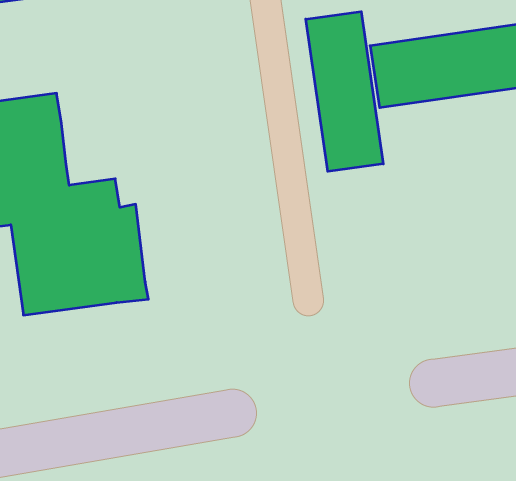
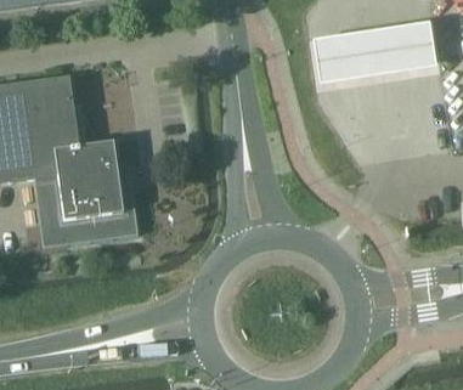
building: [306,12,383,171] -> none

